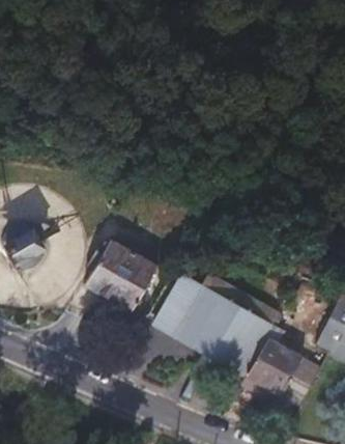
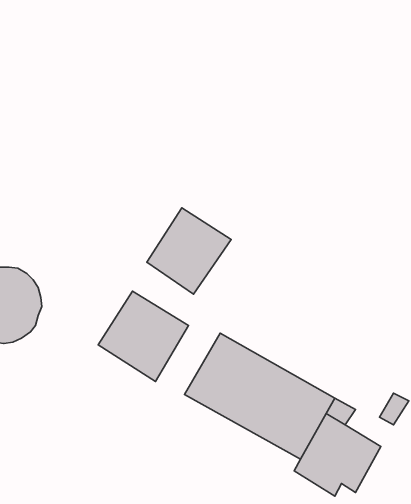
building: none -> [147,208,231,294]

